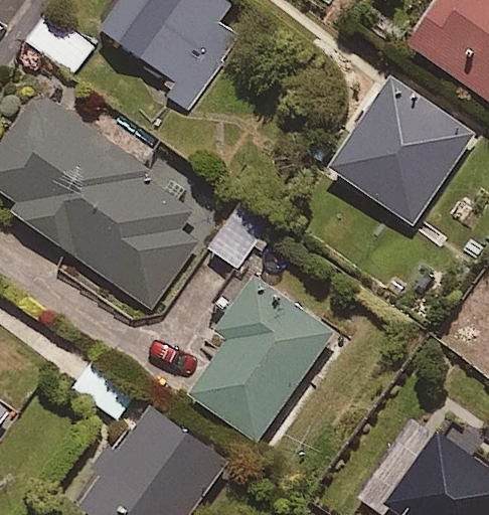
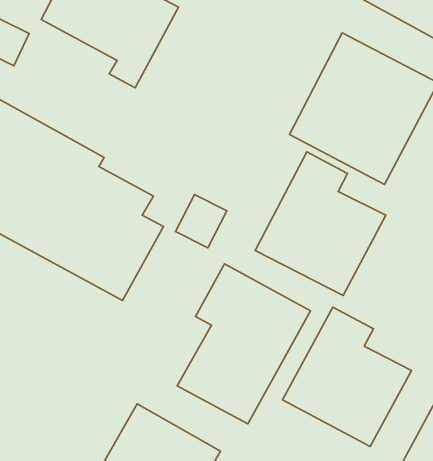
building: none -> [255,152,386,296]
building: none -> [282,307,412,446]

